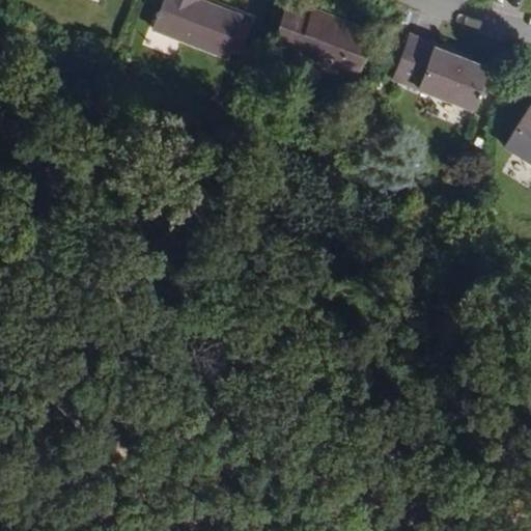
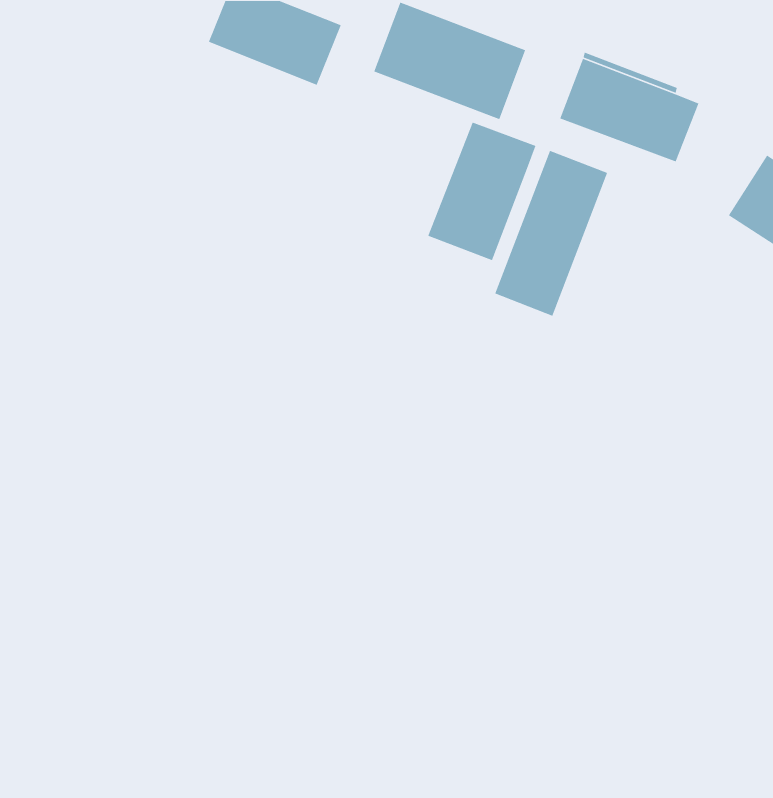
building: none -> [427,122,537,261]
building: none -> [494,150,608,317]

